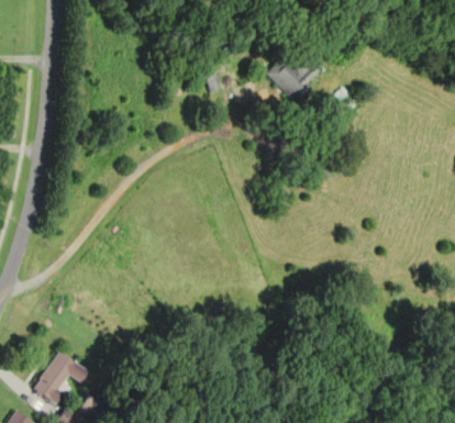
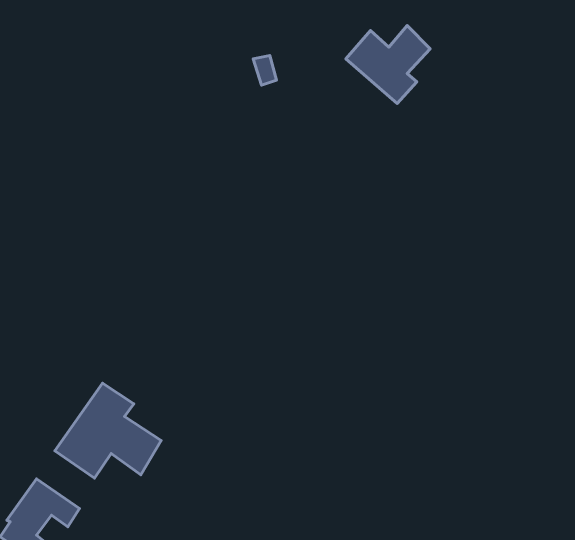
building: none -> [55,383,161,478]

